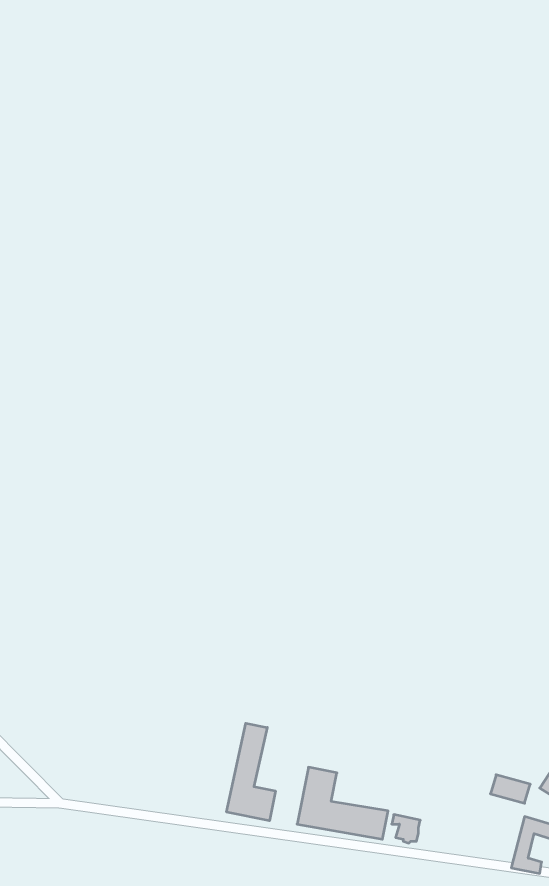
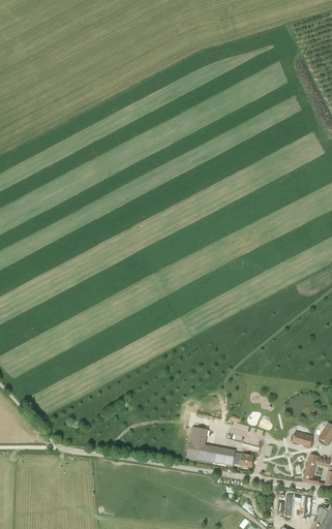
building: [227,723,275,821] -> none

